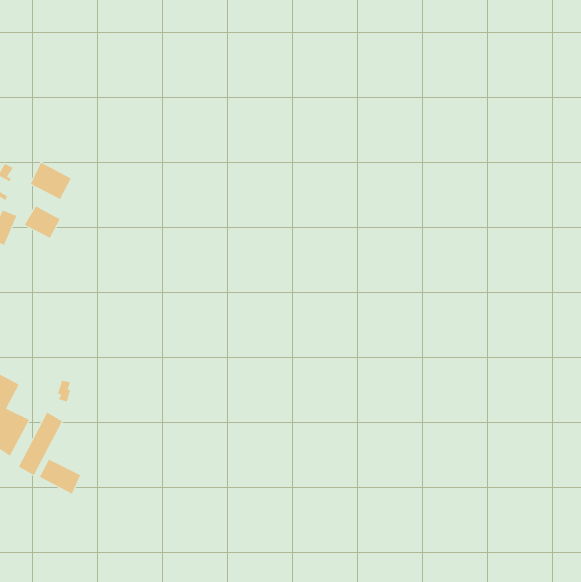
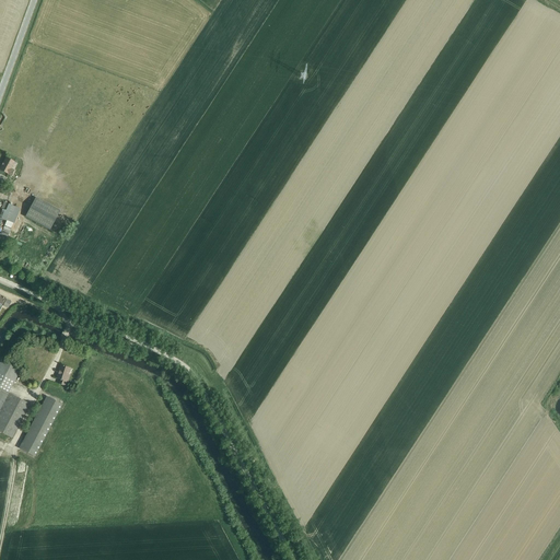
building: [30,162,72,200] -> none
building: [39,459,81,495] -> none

